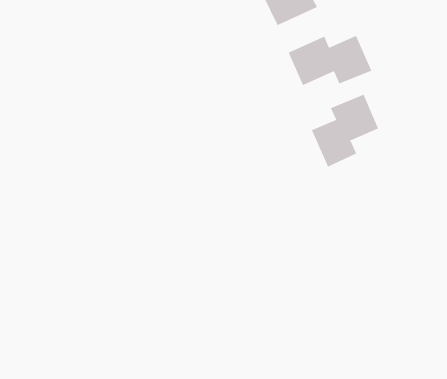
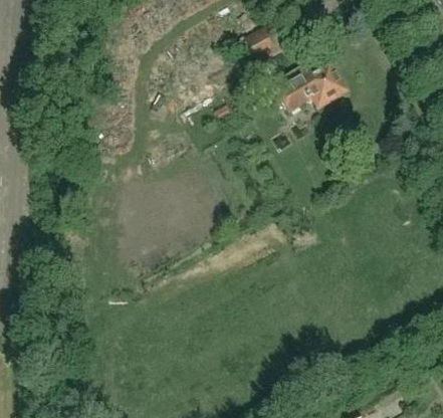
building: [311,94,379,167] -> none

